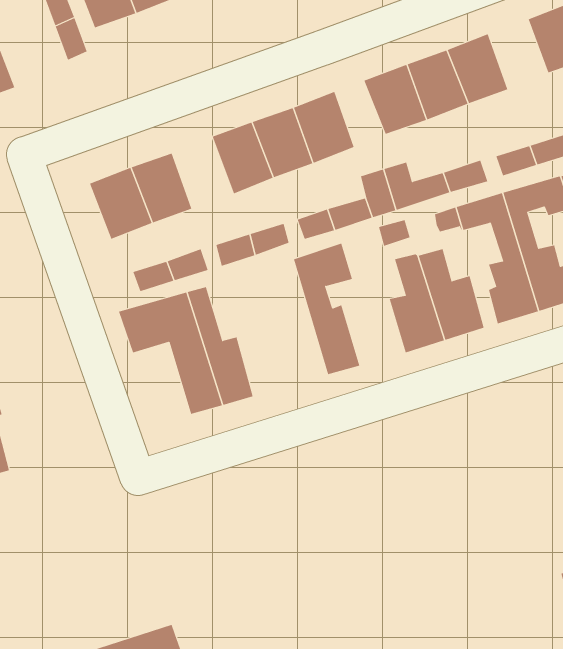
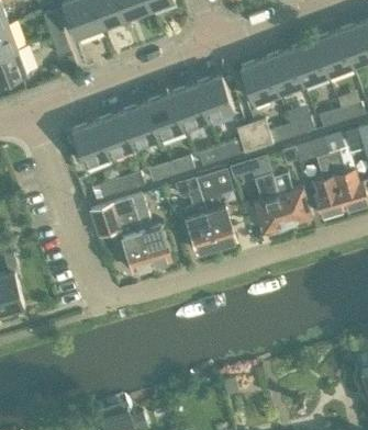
building: none -> [314,33,350,76]
building: none -> [122,104,159,148]
building: none -> [176,179,216,256]

